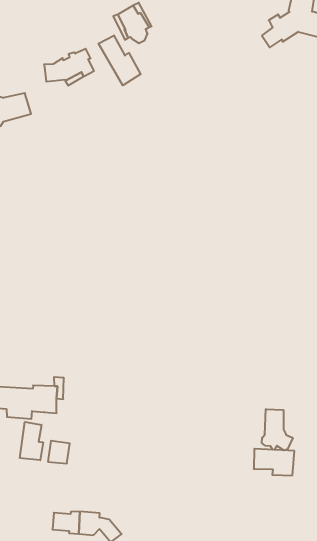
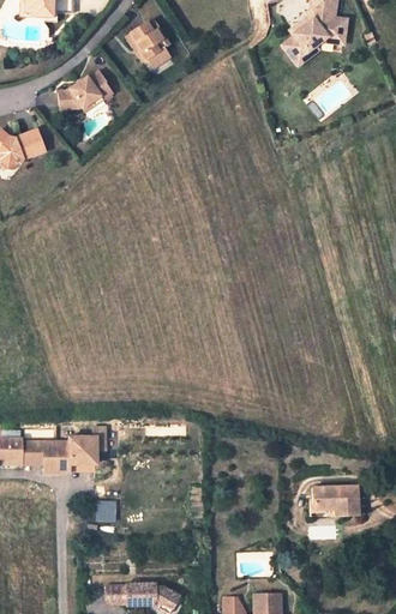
building: [99,35,141,85] -> none
building: [262,409,293,450] -> none
building: [20,422,43,460] -> none

